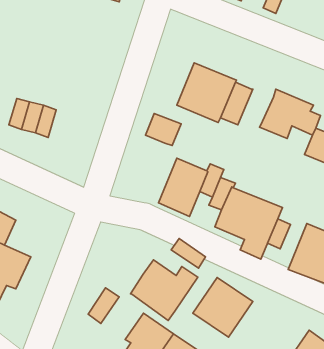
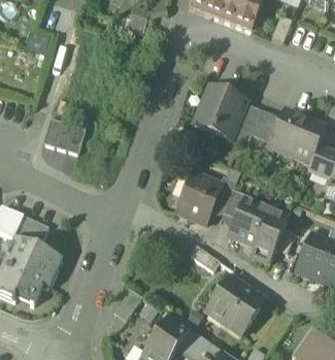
building: none -> [252,108,280,141]
building: [145,113,181,145] -> none
building: [130,260,198,321] -> none

